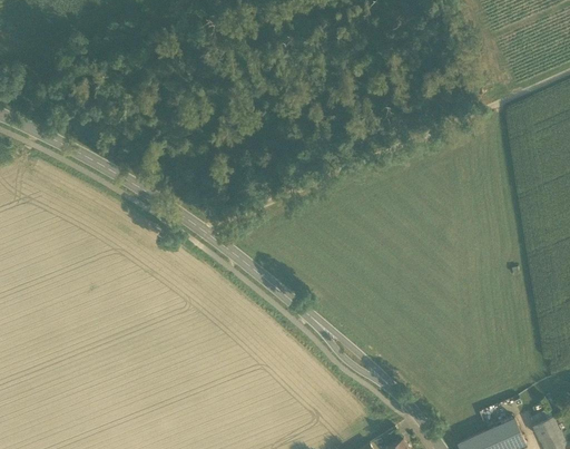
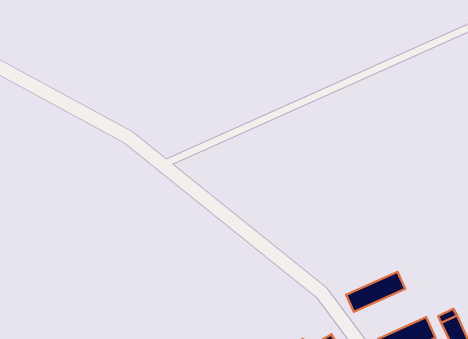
building: none -> [346,272,405,312]

